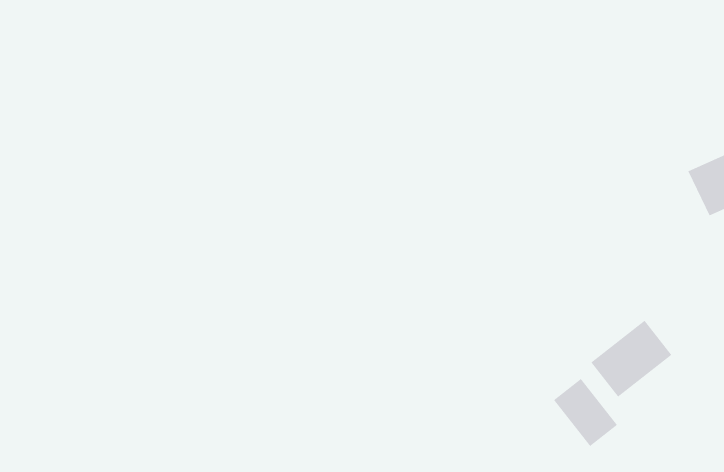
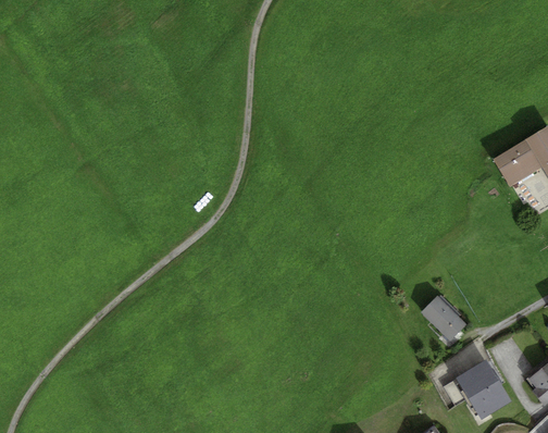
building: [591,320,672,398] -> none

